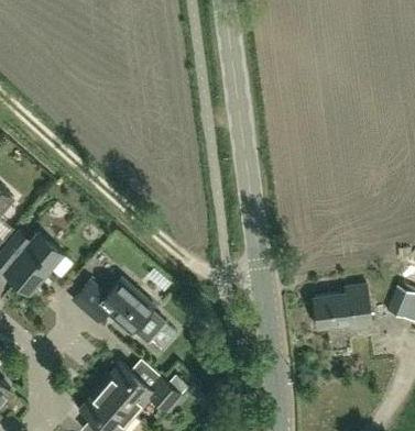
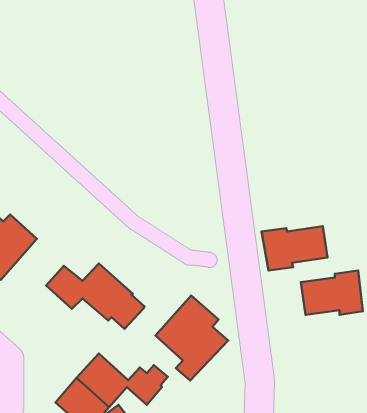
building: none -> [262,226,327,271]
building: none -> [156,296,228,380]

